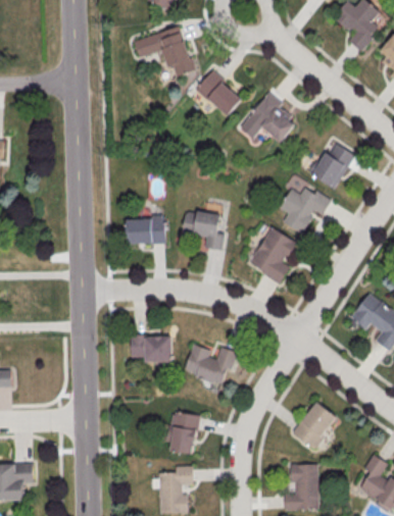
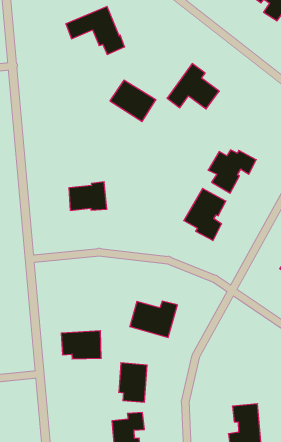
building: [196,70,246,116] -> [110,80,156,122]
building: [308,144,355,189] -> none
building: [182,210,225,250] -> none
building: [131,334,174,364] -> [61,331,101,359]
building: [292,401,336,450] -> none

